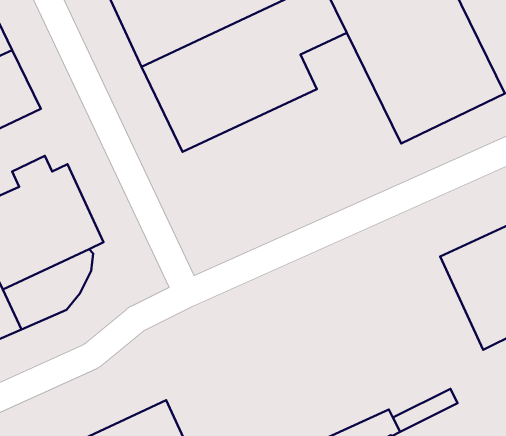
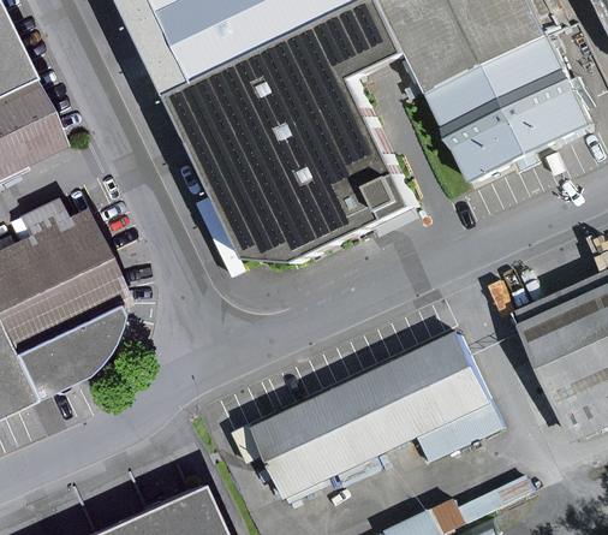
building: none -> [215,120,413,262]
building: none -> [234,329,503,499]

